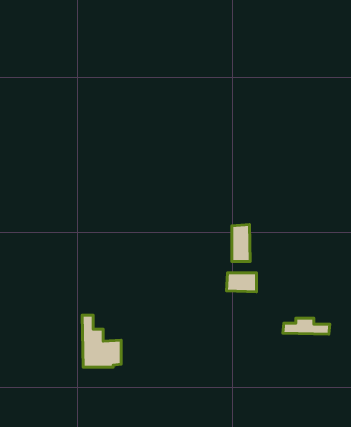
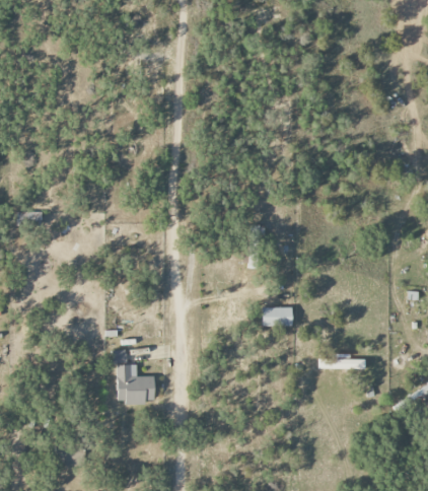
building: [232,225,250,261] -> none

